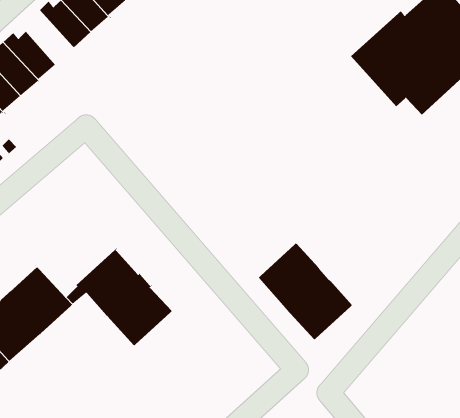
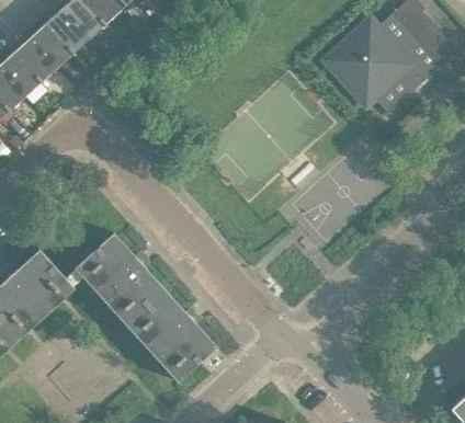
building: none -> [30,19,75,68]
building: [256,241,355,342] -> [126,289,216,381]

